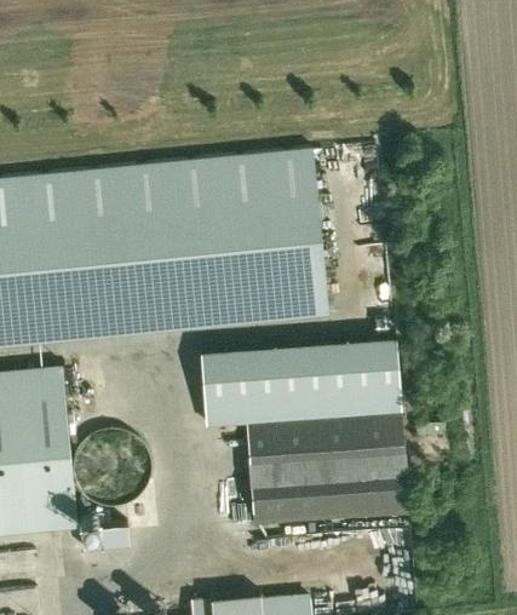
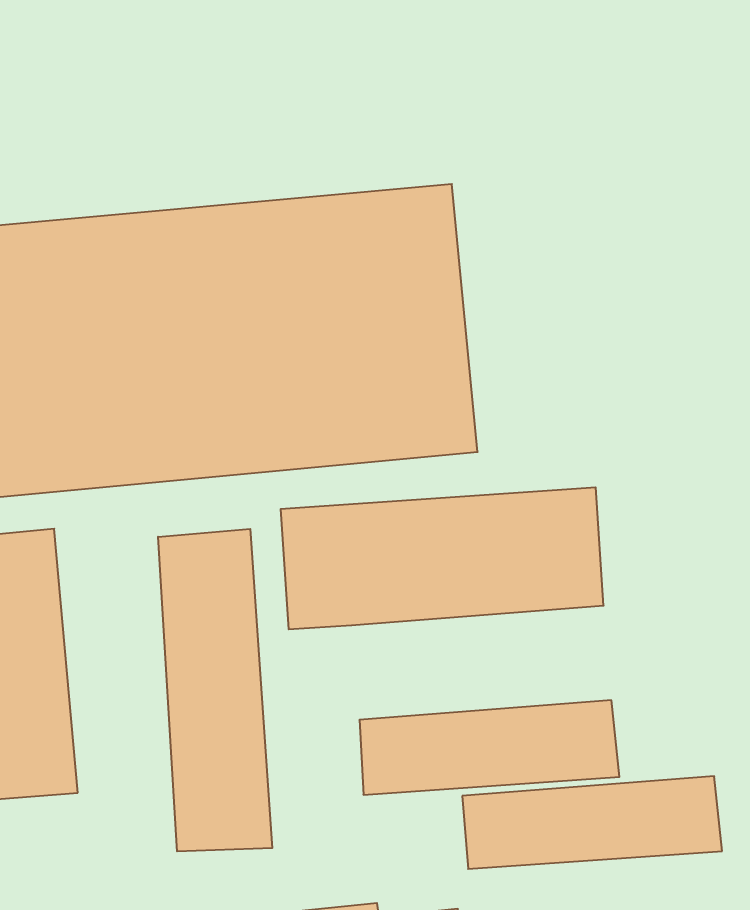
building: none -> [158,529,272,851]
building: [245,410,404,467] -> [462,776,722,869]

